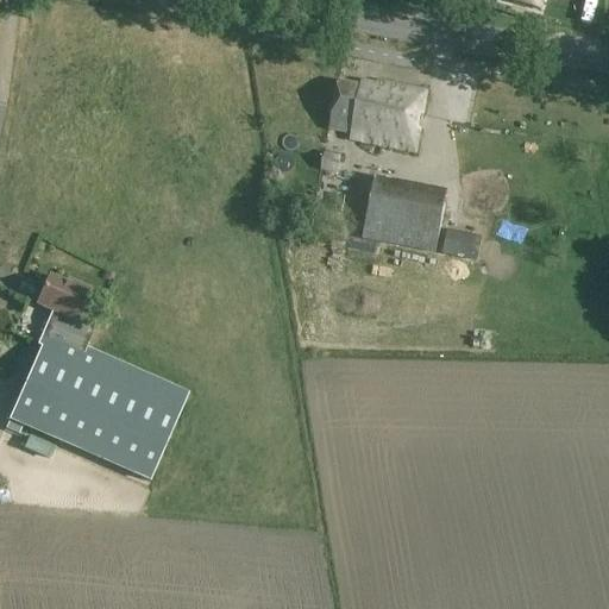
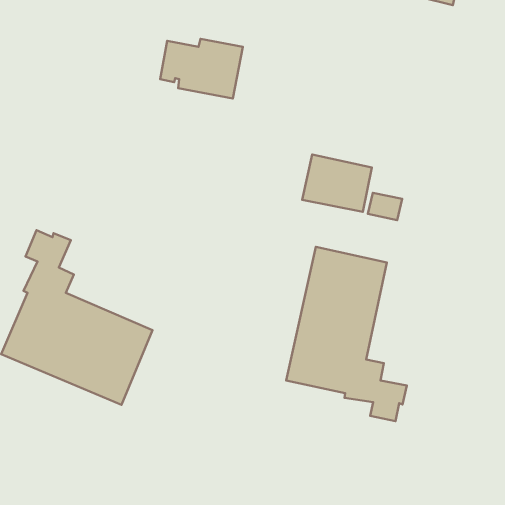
building: [327,77,425,147] -> [160,39,243,98]
building: none -> [286,247,407,421]

